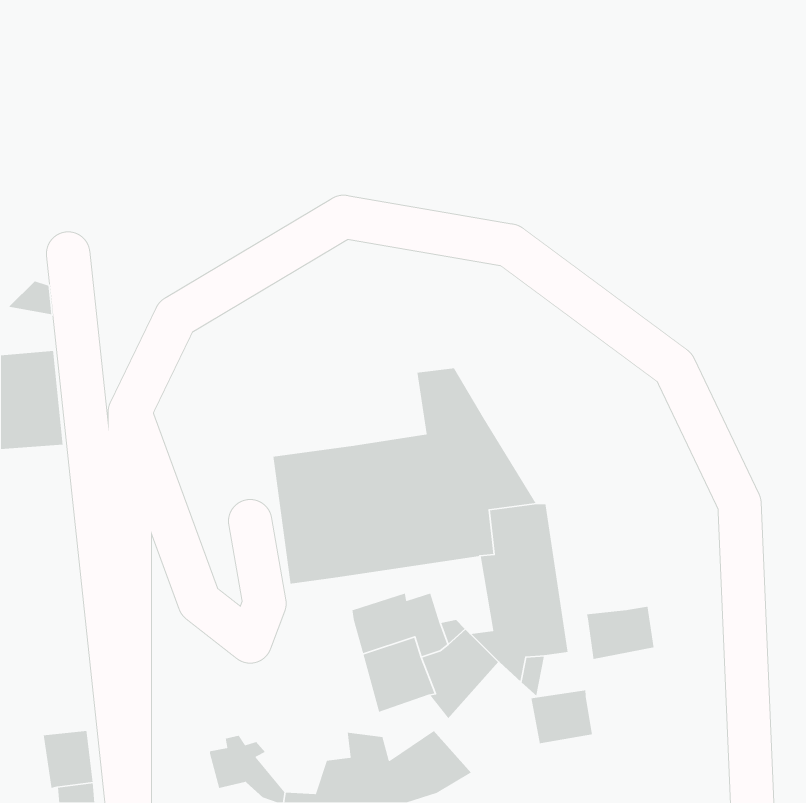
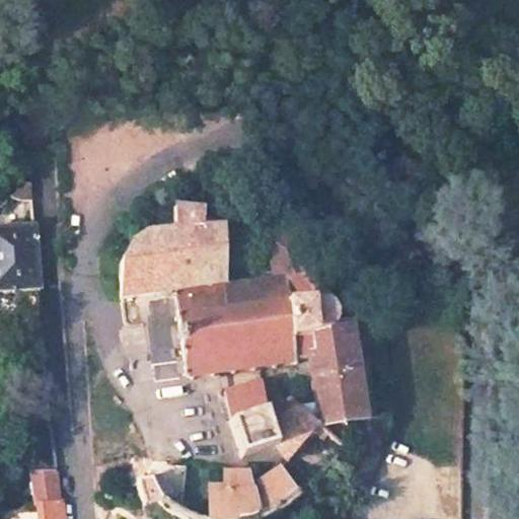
building: none -> [121,205,227,297]
building: [586,606,654,660] -> none
building: [530,690,593,744] -> none

